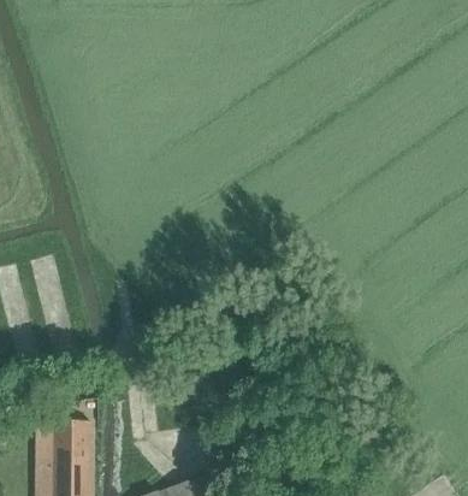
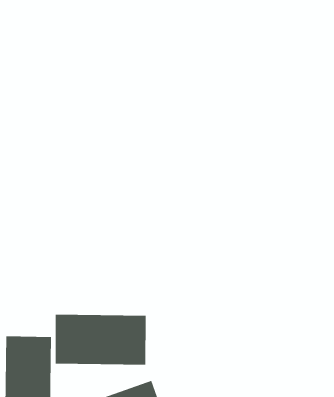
building: none -> [55,314,147,365]

